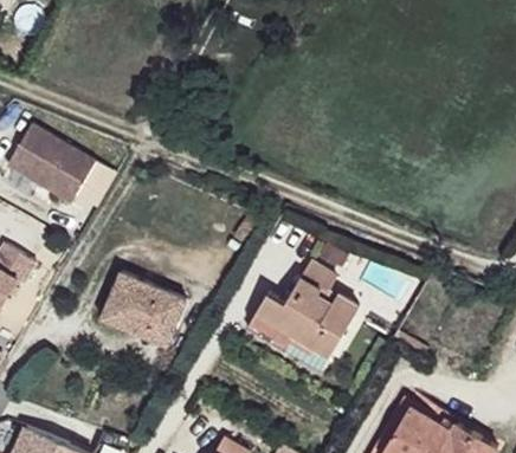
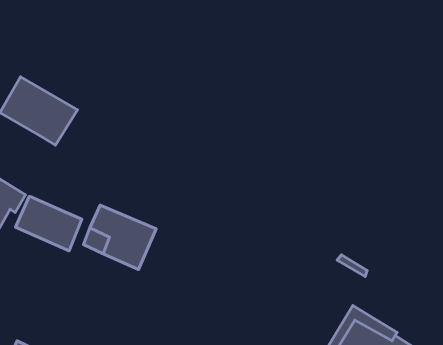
building: [245,261,359,356] -> none
building: none -> [16,196,82,251]

